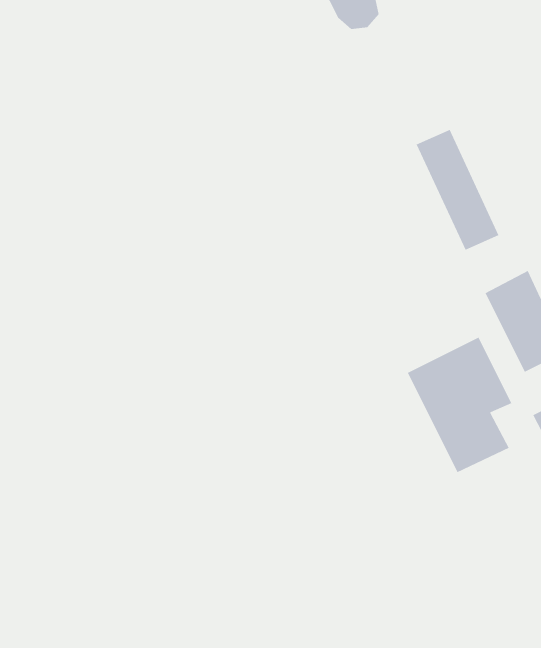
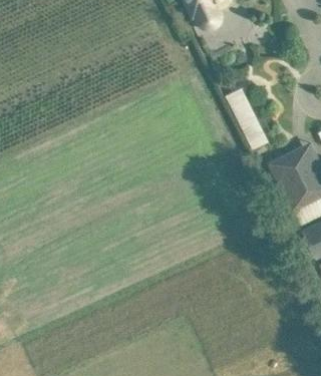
building: [407,336,512,473] -> none

